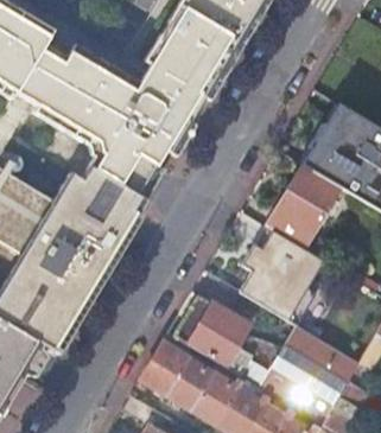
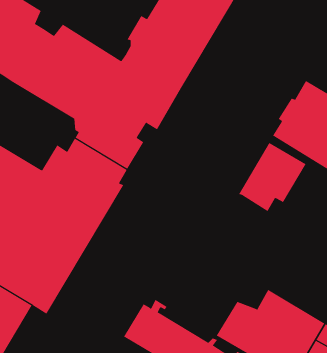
building: [239,227,324,326] -> none
building: [174,295,249,367] -> none

